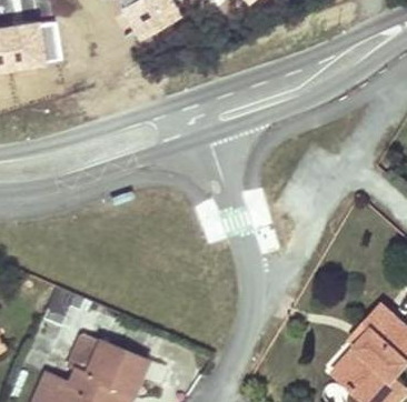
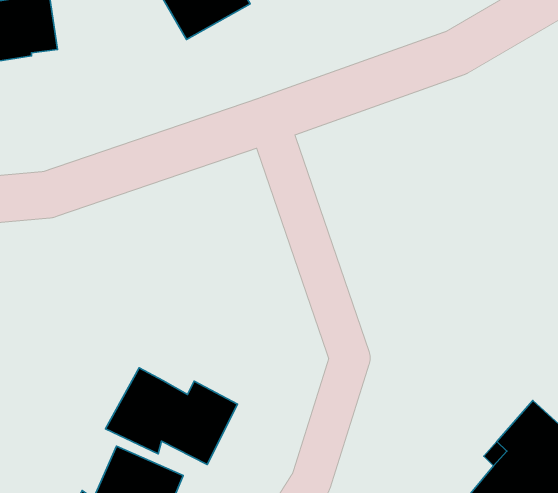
building: none -> [106,368,238,464]

